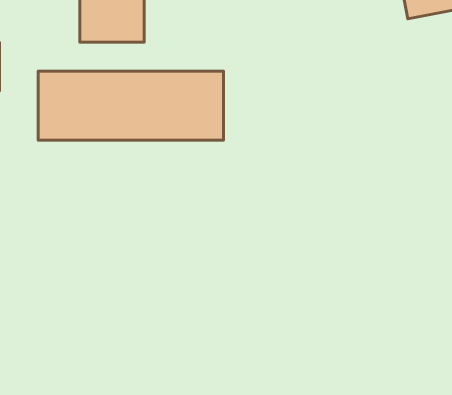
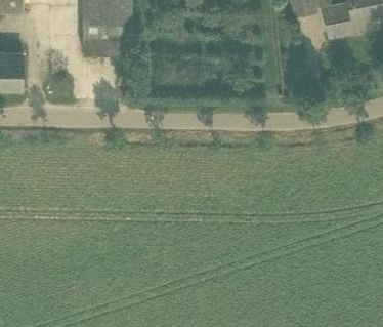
building: [38,71,224,140] -> none

